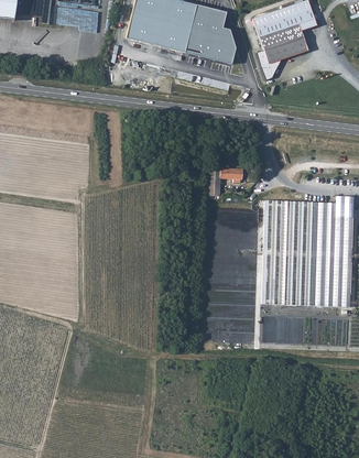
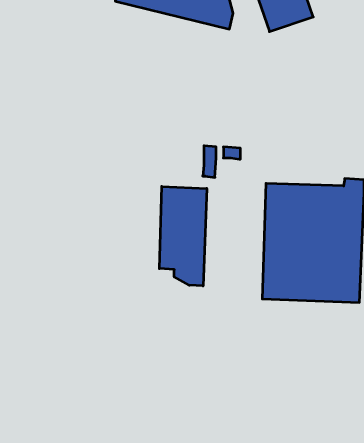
building: none -> [159,186,207,286]

